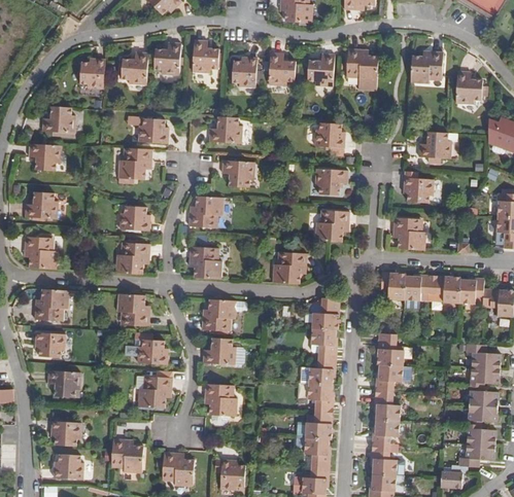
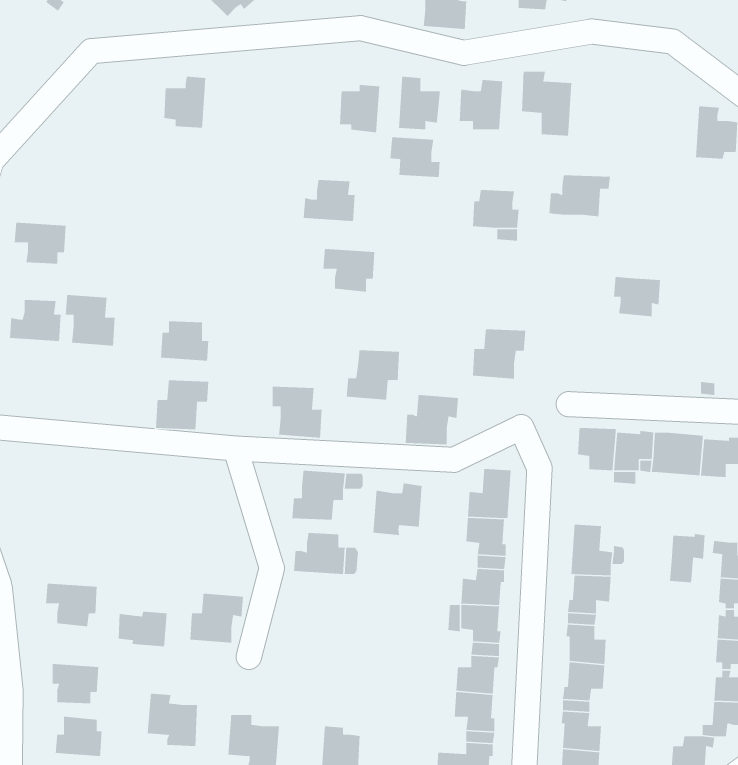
building: [192,39,219,72] -> none
building: [155,42,181,75] -> none
building: [410,50,443,83] -> none
building: [80,58,105,88] -> none
building: none -> [390,137,441,178]
building: [42,106,75,133] -> none
building: [138,117,169,143] -> none
building: [418,132,457,158] -> [548,175,611,217]
building: [118,147,152,179] -> none
building: [315,169,348,196] -> none
building: [189,196,222,227] -> [346,350,400,400]
building: [393,217,425,250] -> none
building: [25,236,57,269] -> [65,294,116,347]
building: [34,288,69,320] -> none
building: [117,293,149,326] -> none
building: none -> [372,482,423,536]
building: [35,331,66,357] -> none
building: none -> [669,533,706,583]
building: [138,339,168,364] -> none
building: [205,383,237,416] -> none
building: none -> [118,611,168,647]

